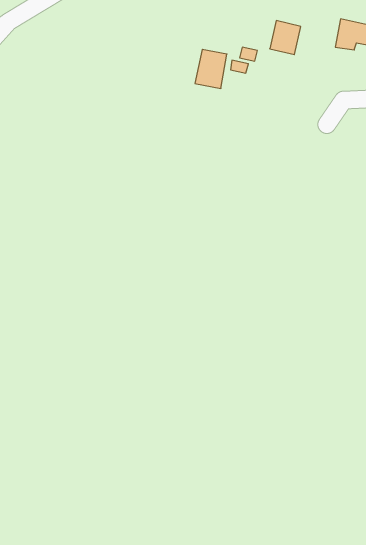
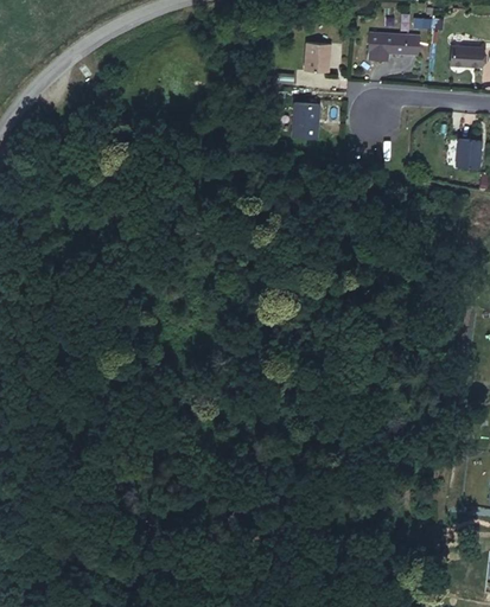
building: [195,49,227,88] -> [294,104,322,140]

